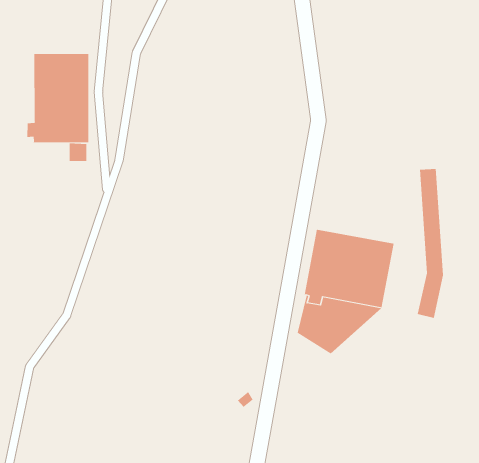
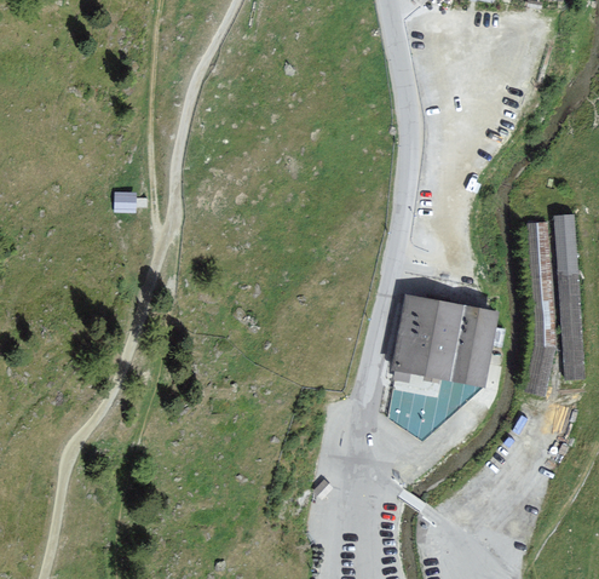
building: [27,53,89,143] -> none
building: none -> [554,214,584,382]

